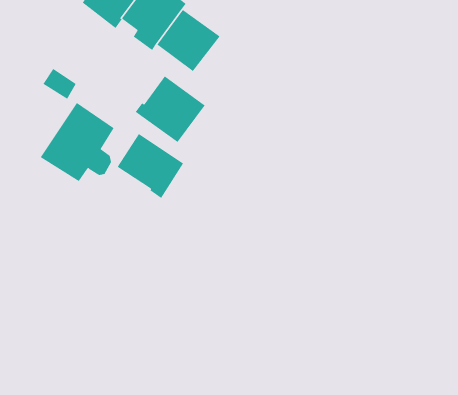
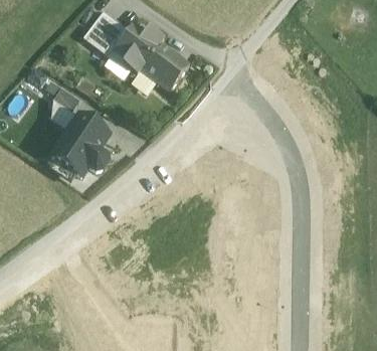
building: [135,76,206,143] -> none
building: [117,133,184,199] -> none

